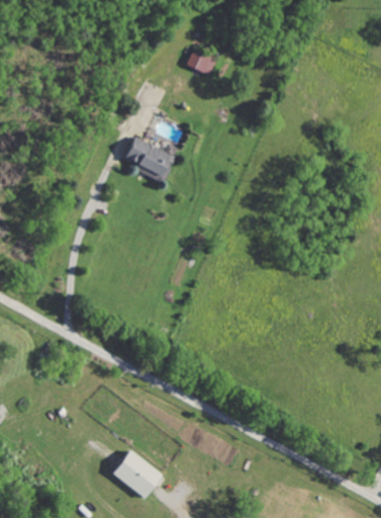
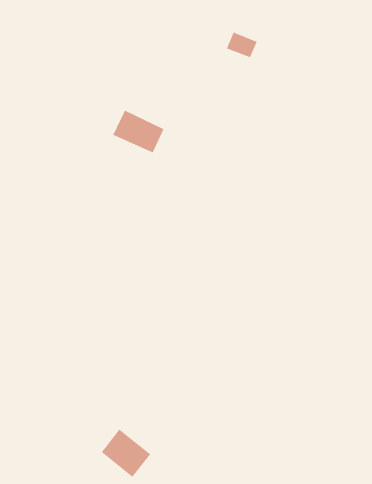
building: [188,49,219,75] -> [226,31,258,58]

